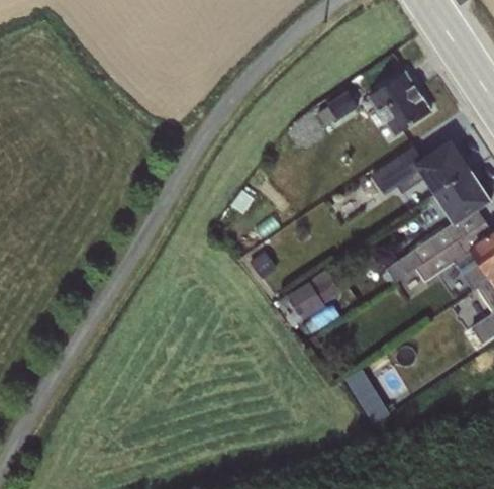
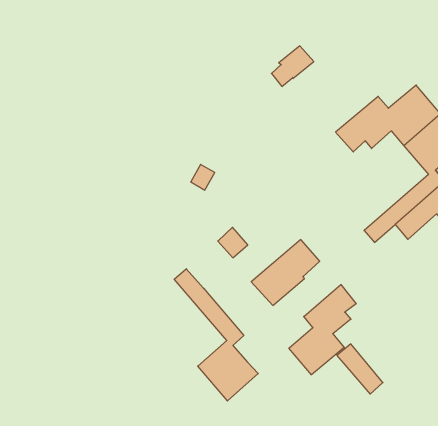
building: [367,72,430,135] -> none
building: none -> [174,269,258,401]
building: none -> [289,285,356,375]

